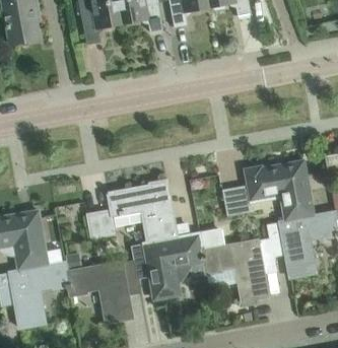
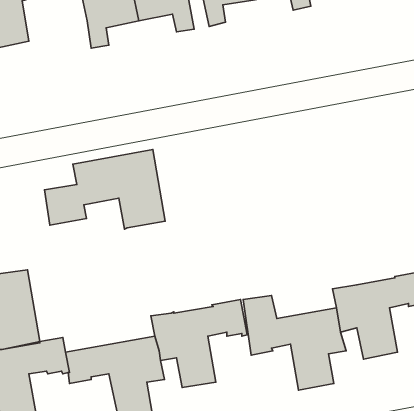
building: [222,160,314,221] -> none
building: [86,183,177,242] -> [44,149,165,229]

